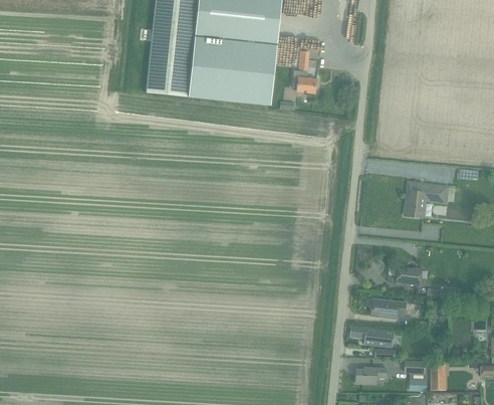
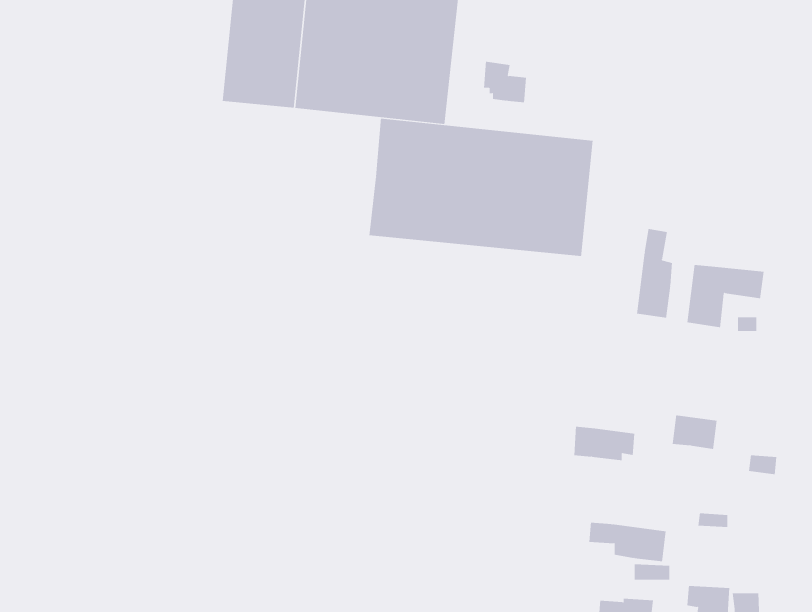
building: none -> [369,118,593,257]
building: none -> [636,228,673,318]
building: [372,298,406,318] -> [573,426,635,461]

